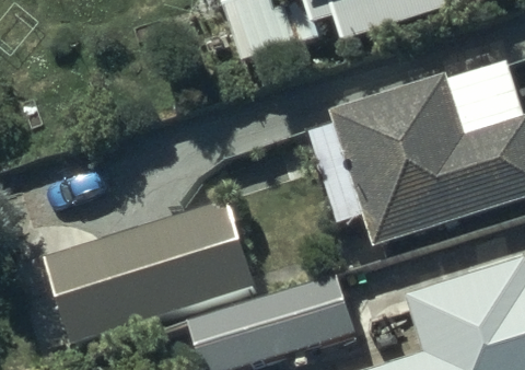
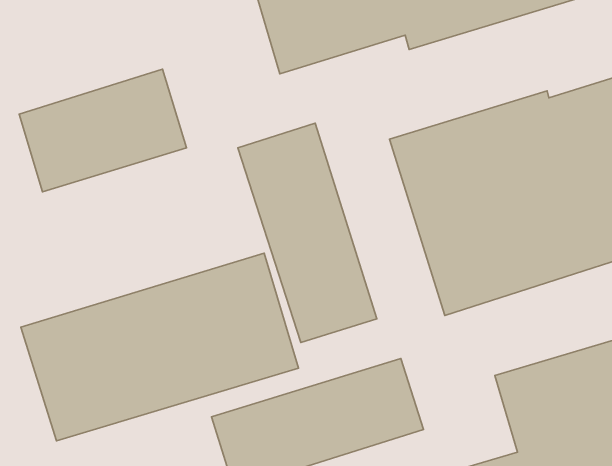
building: none -> [19,69,187,192]
building: none -> [238,123,377,342]

